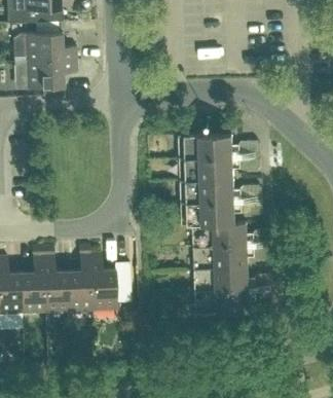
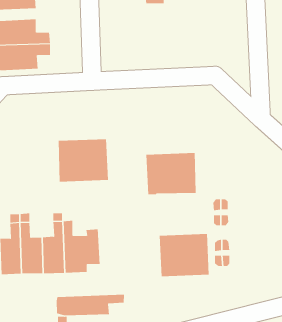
building: [179,134,234,181] -> [58,139,109,182]
building: [192,222,248,269] -> none
building: none -> [56,294,125,316]

